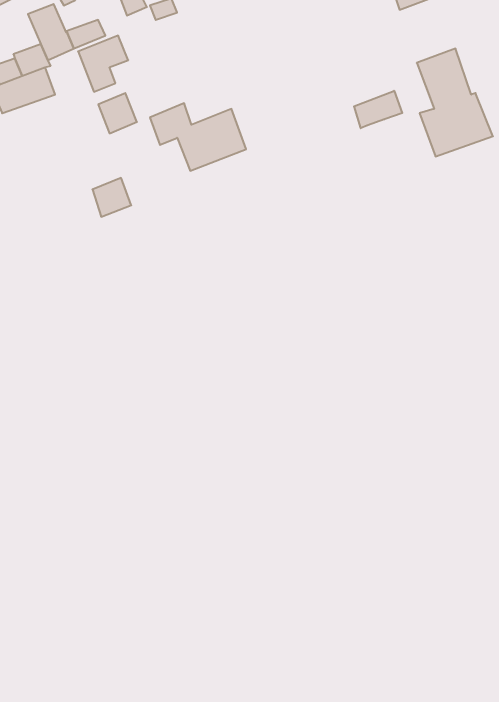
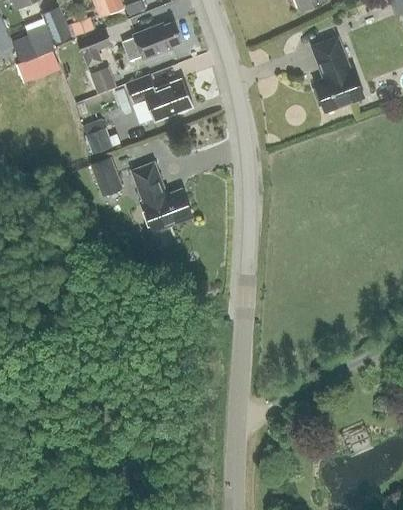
building: none -> [134,21,181,59]
building: [354,91,402,128] -> none
building: none -> [91,157,122,195]
building: none -> [131,162,193,231]

